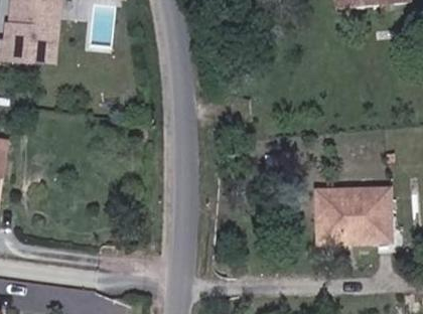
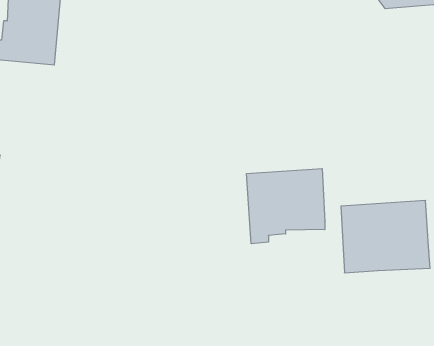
building: none -> [247,169,325,244]

